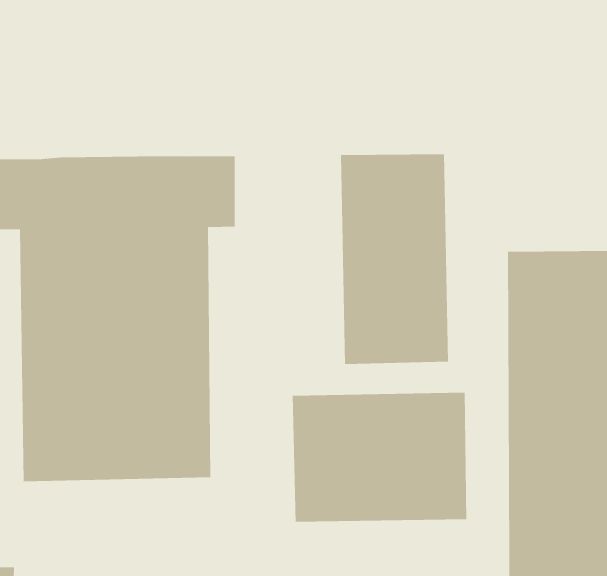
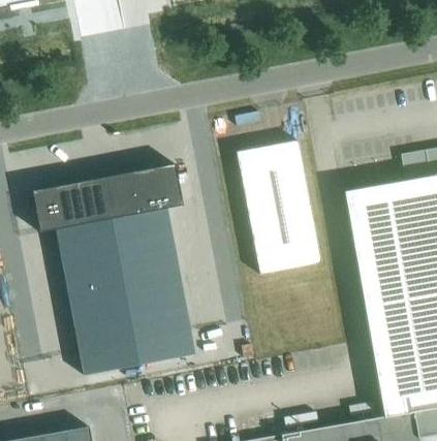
building: [292,392,467,523] -> none

